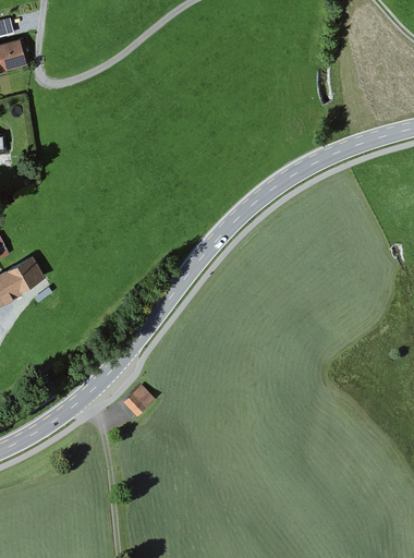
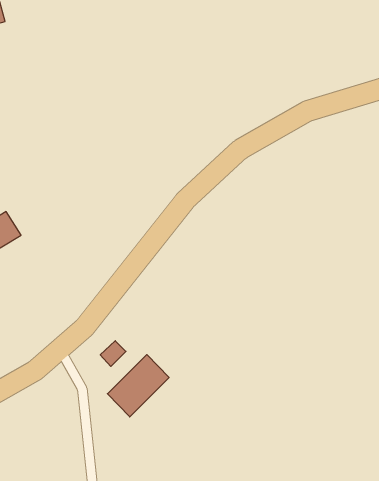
building: none -> [107,355,169,417]

